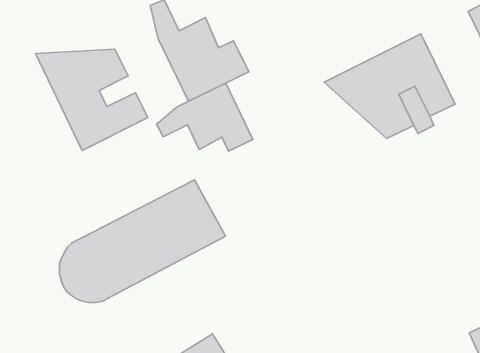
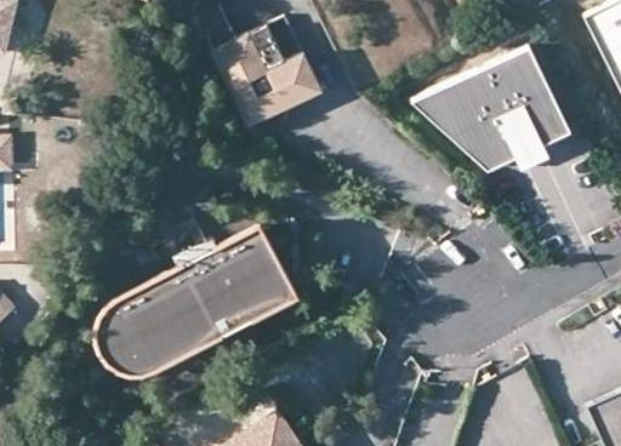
building: [35,49,148,150] -> none
building: [156,83,253,151] -> none

